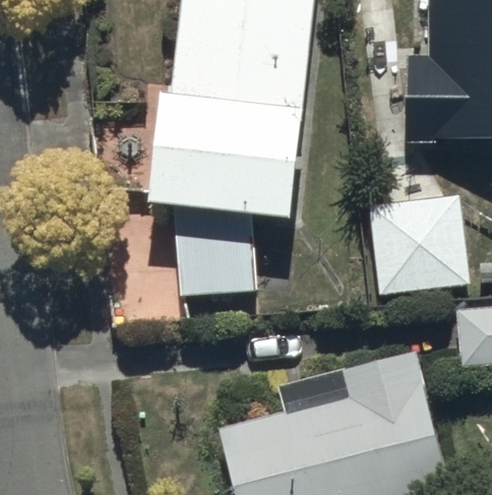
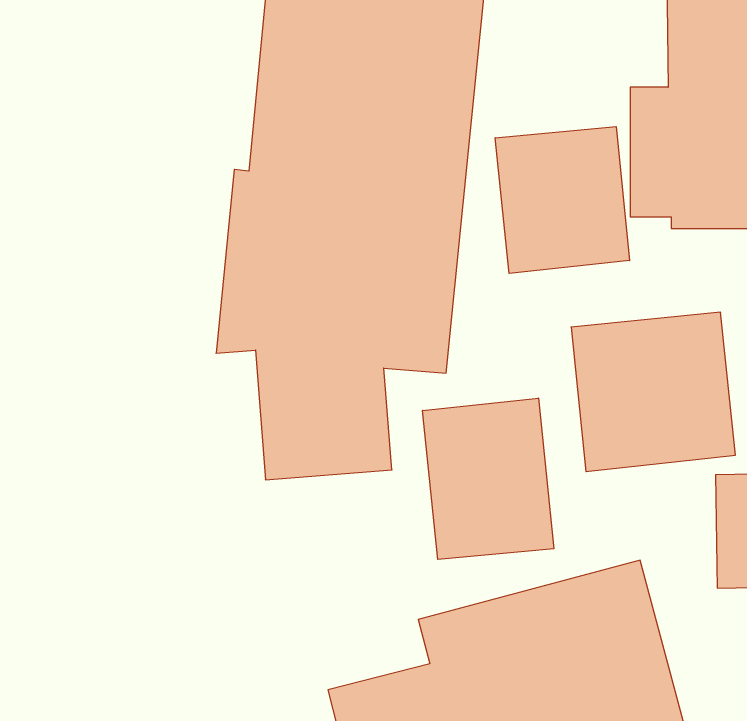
building: none -> [495,127,630,273]
building: none -> [423,398,554,559]

